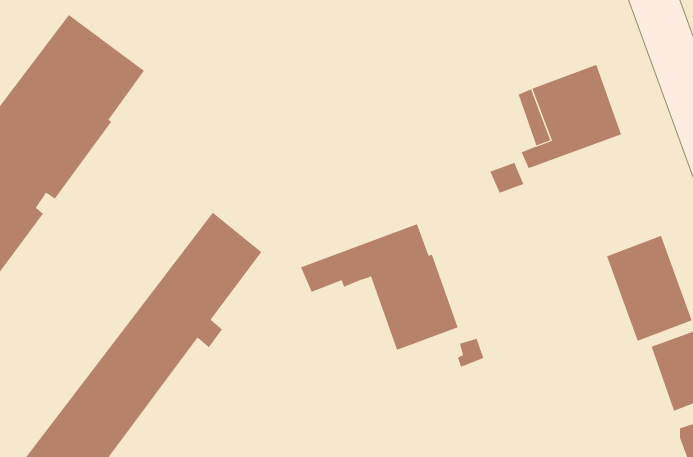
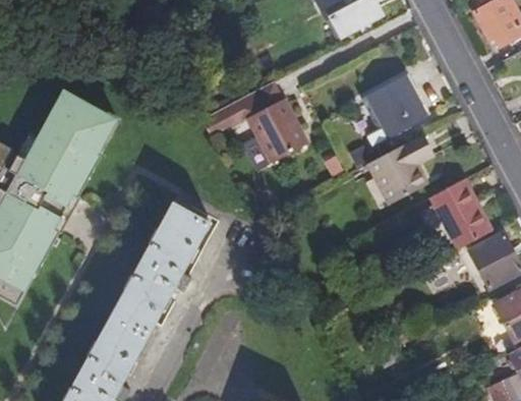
building: none -> [366,134,433,206]
building: [300,223,459,351] -> [201,80,308,164]

